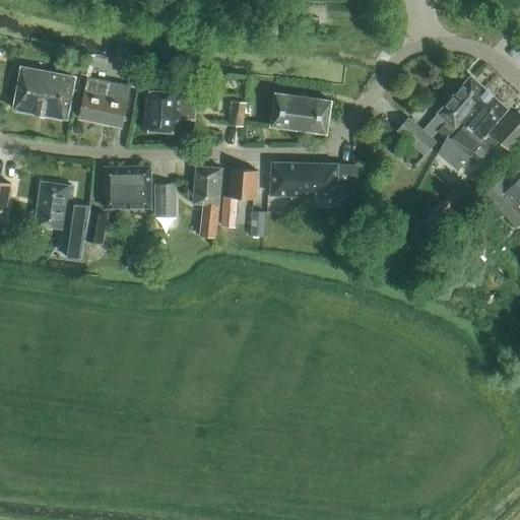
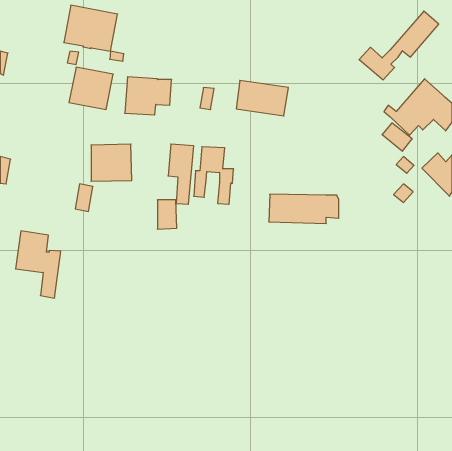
building: [13,67,75,120] -> [64,5,118,51]
building: [396,76,488,155] -> [359,11,439,80]
building: [271,164,351,197] -> [269,194,339,224]
building: [36,182,87,259] -> [16,231,61,298]
building: [154,184,177,217] -> [157,200,177,229]

